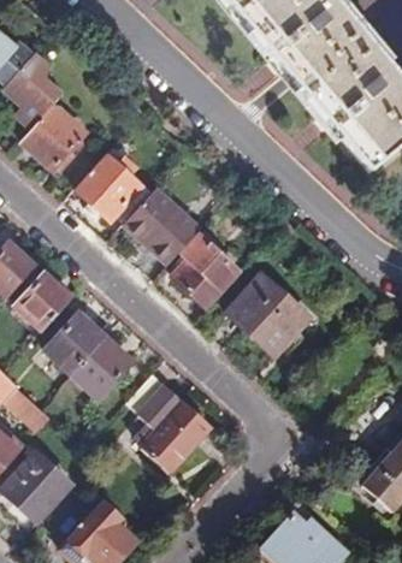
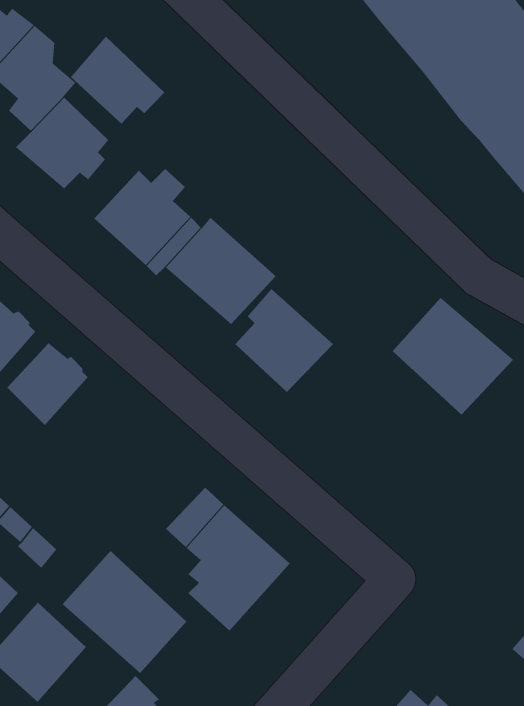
building: none -> [70,36,165,124]
building: [226,274,311,356] -> [392,297,514,416]
building: [43,312,130,397] -> [62,550,187,674]

